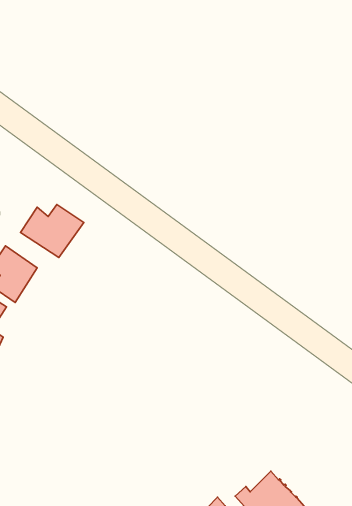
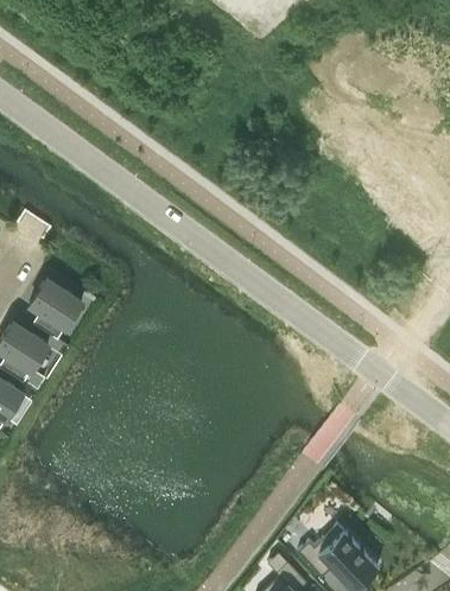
building: [21,204,84,257] -> none

